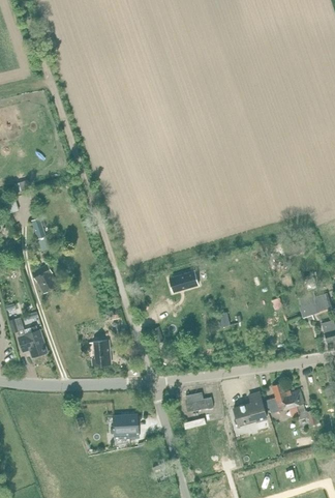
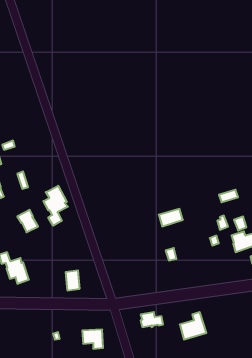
building: none -> [43,186,68,226]
building: [169,271,199,293] -> [159,209,183,226]
building: [267,383,316,426] -> none

